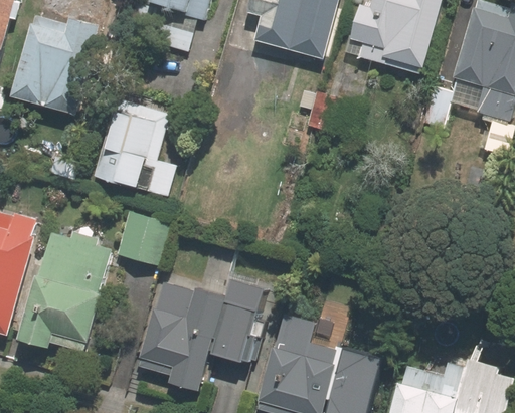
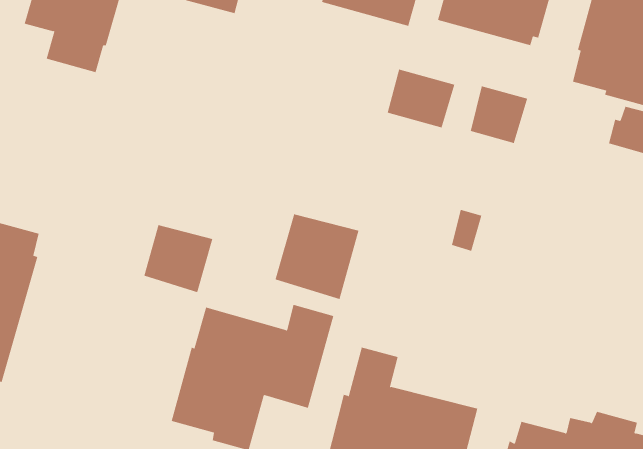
building: [93,98,174,197] -> none
building: none -> [470,86,528,144]
building: none -> [275,214,359,300]
building: [18,233,108,353] -> none

